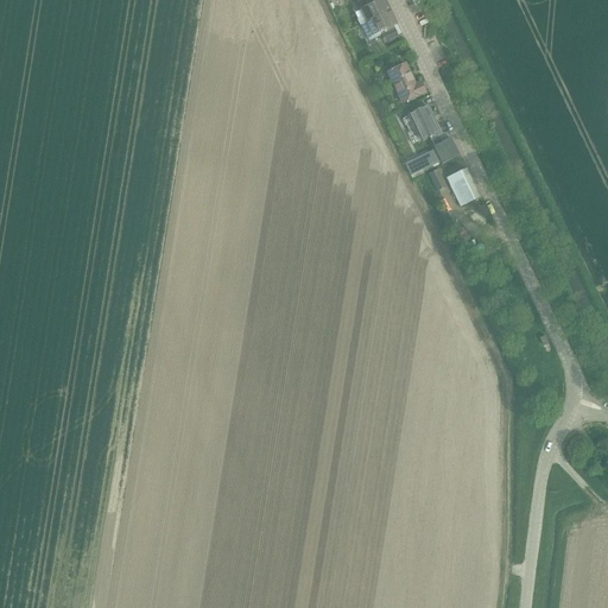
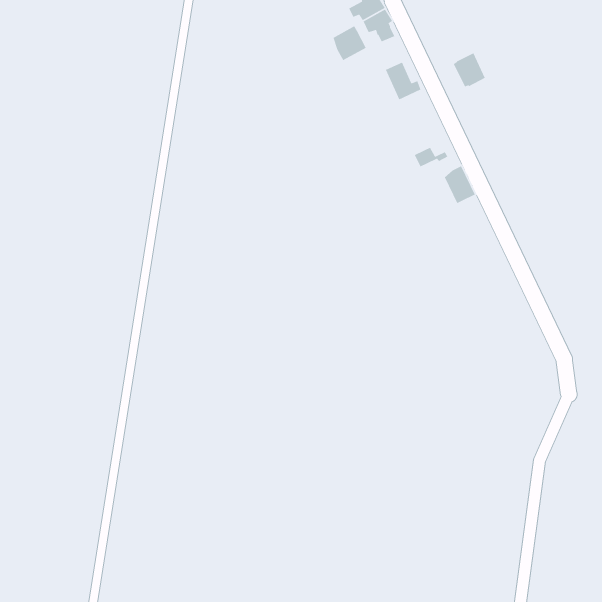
building: none -> [333,25,367,61]
building: [406,103,439,139] -> [453,52,486,87]

